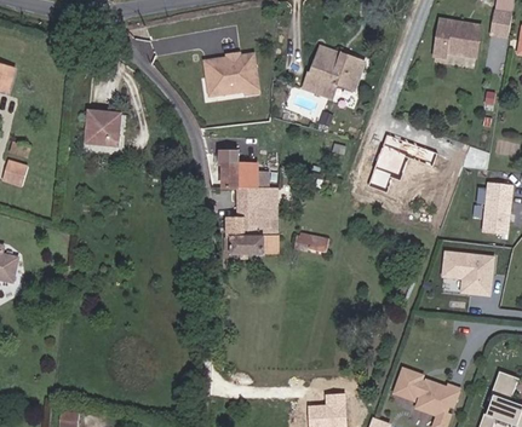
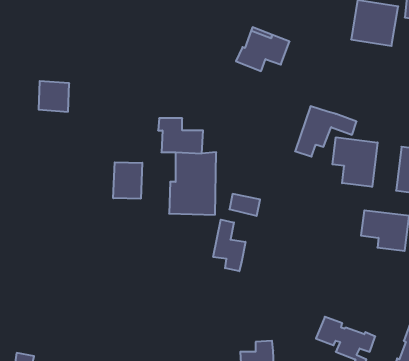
building: [201,53,256,94] -> none
building: none -> [332,137,378,187]
building: none -> [113,162,142,199]
building: none -> [213,220,245,271]

